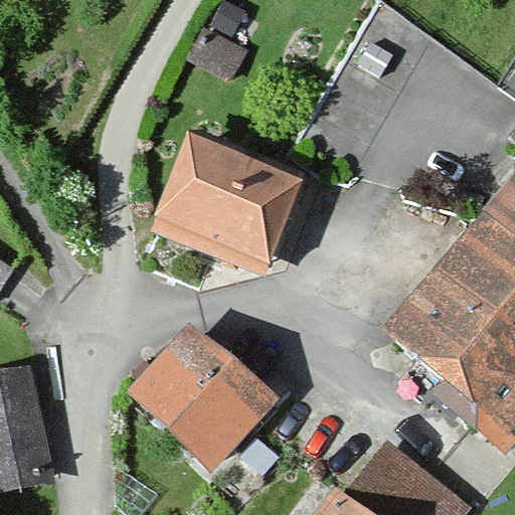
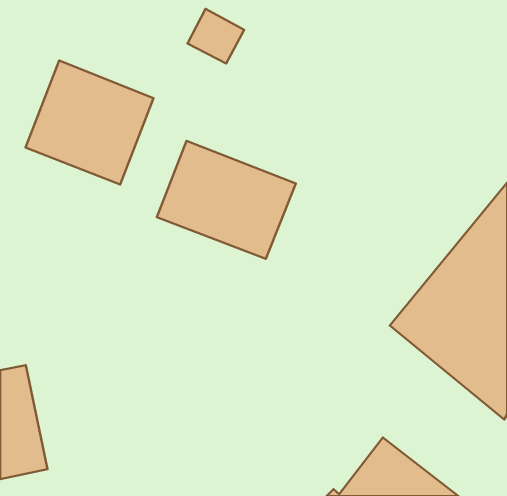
building: none -> [25,60,154,184]
building: [132,330,270,466] -> none

